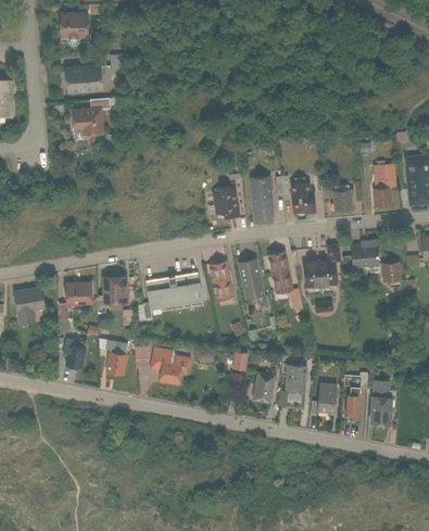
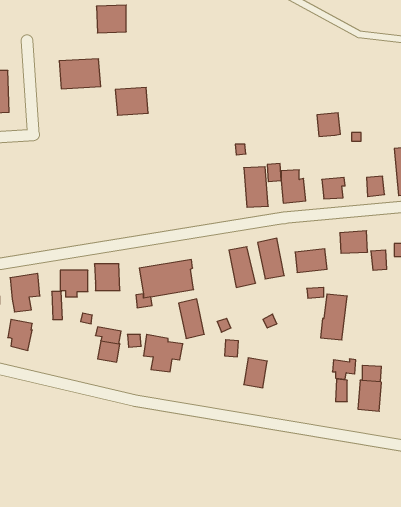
building: [59,12,89,40] -> [96,5,126,33]
building: [72,109,105,137] -> [115,88,148,115]
building: [375,163,399,187] -> [317,113,340,136]
building: [211,184,242,217] -> none
building: [207,258,234,299] -> [179,299,204,338]
building: [62,337,87,368] -> [8,319,32,350]
building: [279,363,306,409] -> [321,294,347,340]
building: [316,381,338,413] -> none

